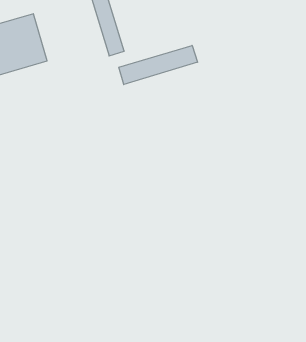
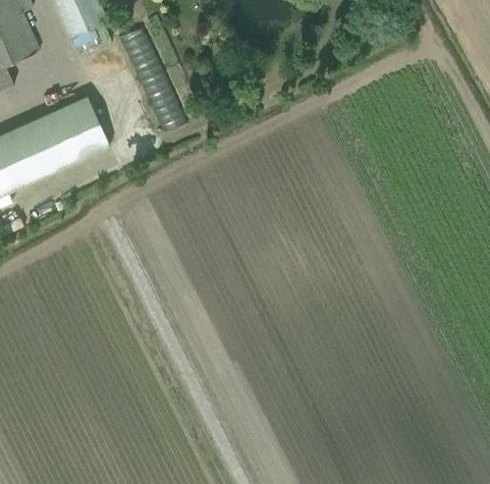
building: [119,45,198,85] -> none

